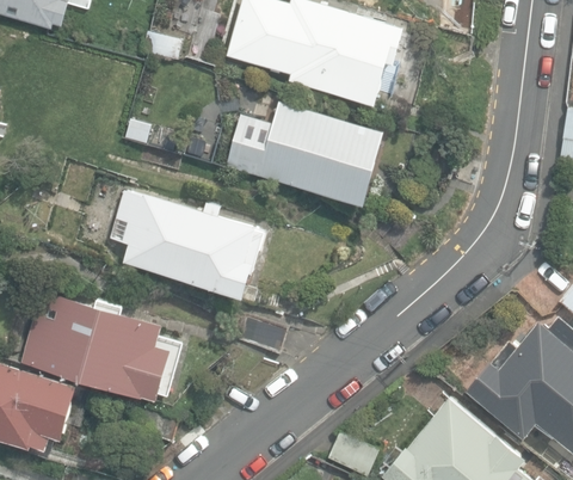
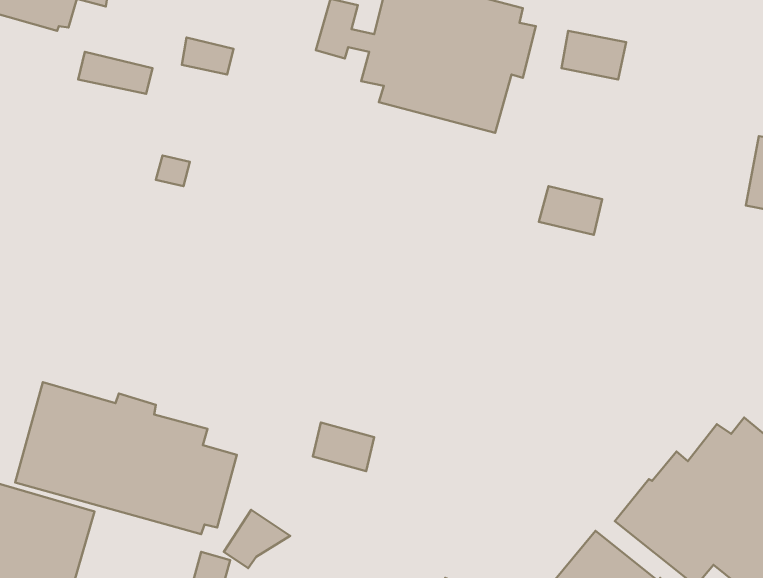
building: [224,104,384,209] -> none
building: [109,192,265,300] -> none

